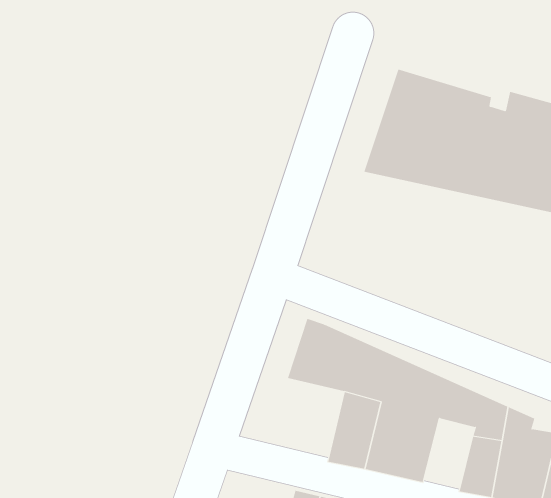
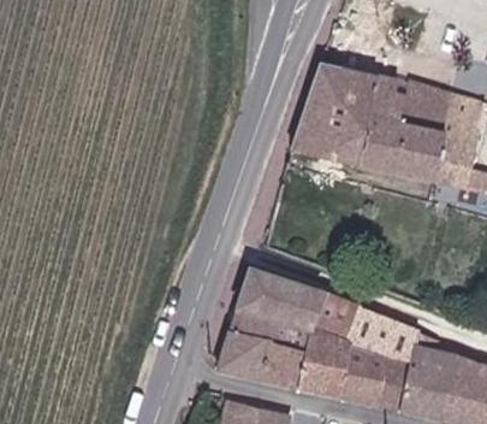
building: none -> [216,314,280,382]
building: none -> [344,347,386,406]

